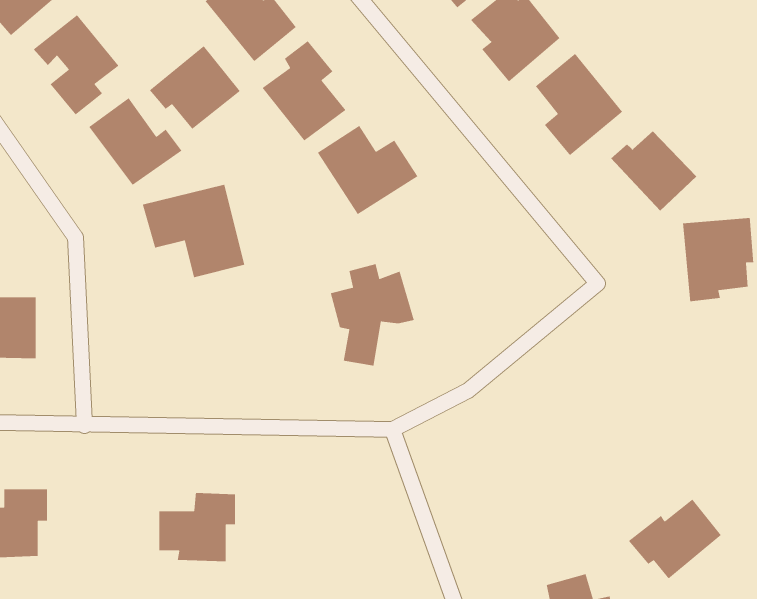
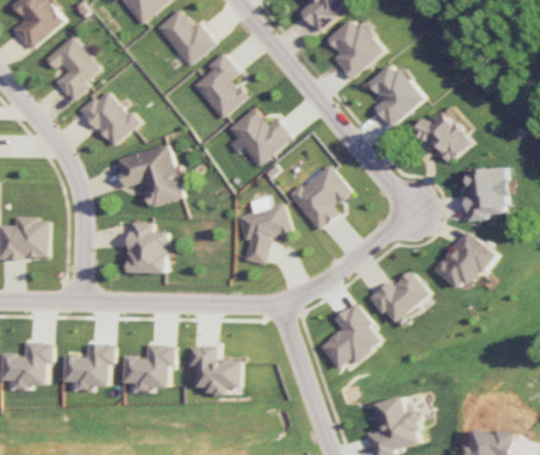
building: [149,45,241,130] -> none
building: none -> [287,164,349,231]
building: none -> [125,222,166,274]
building: none -> [435,231,497,289]
building: none -> [319,304,383,369]
building: none -> [63,343,114,388]
building: none -> [190,345,241,394]
building: [628,498,722,580] -> [368,270,429,323]

